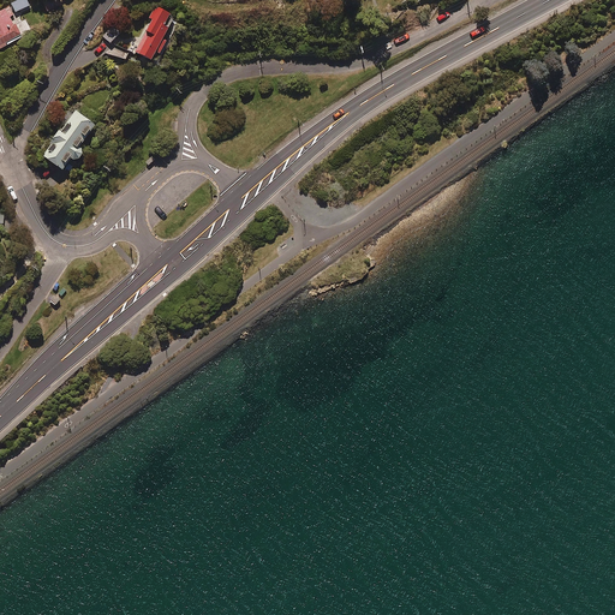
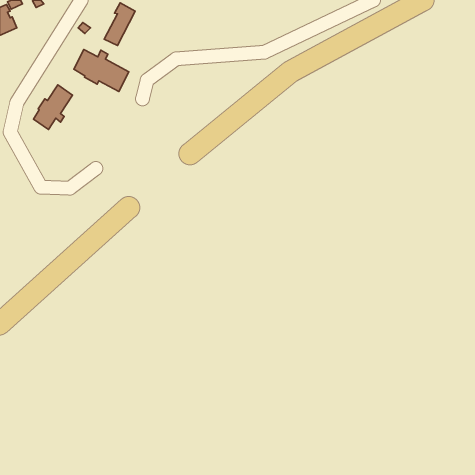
building: none -> [74,49,129,92]

